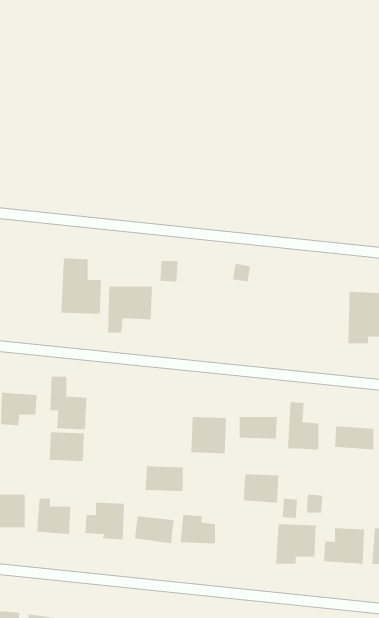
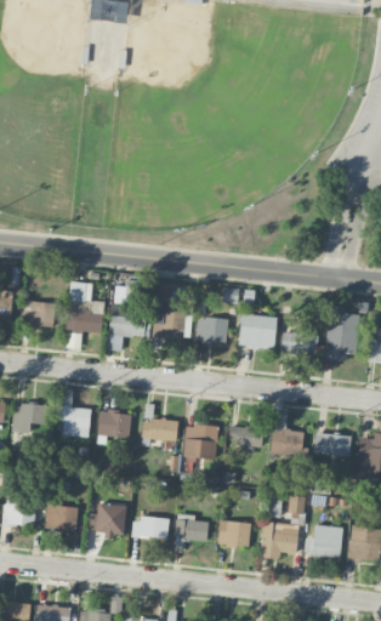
building: none -> [24,302,55,326]
building: none -> [155,310,184,337]
building: none -> [238,314,278,351]
building: none -> [197,319,228,343]
building: none -> [282,334,318,354]
building: [49,432,85,461] -> [98,411,131,438]
building: [145,466,184,491] -> [142,420,177,443]
building: [243,474,279,503] -> [218,522,251,548]

